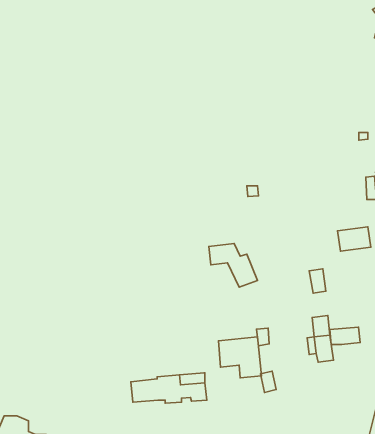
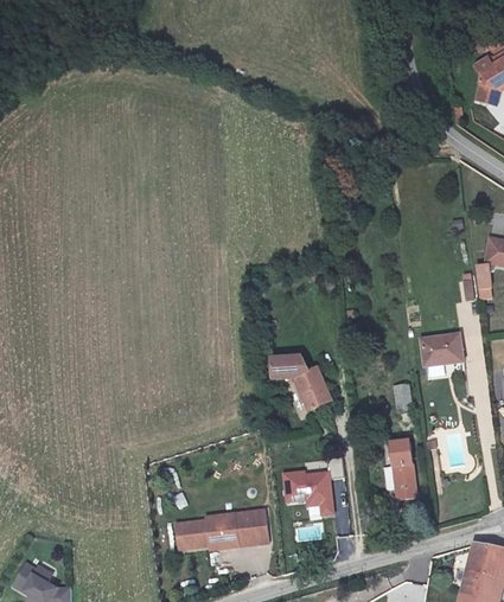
building: [330,327,360,345] -> none

